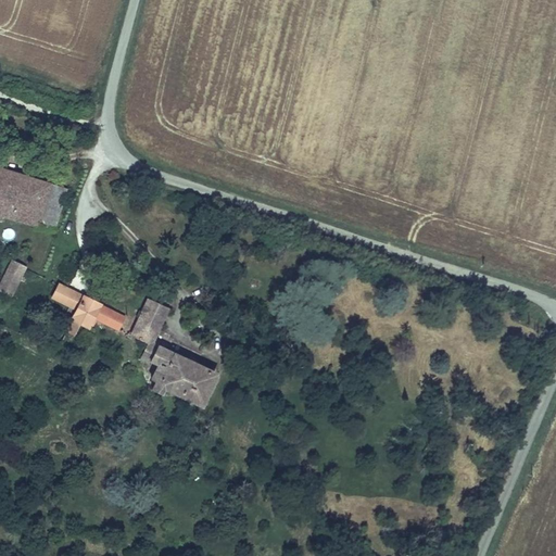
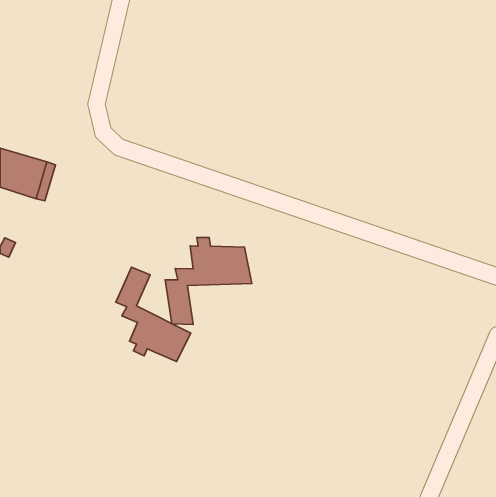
building: none -> [165,238,252,325]
building: [52,282,126,336] -> none

